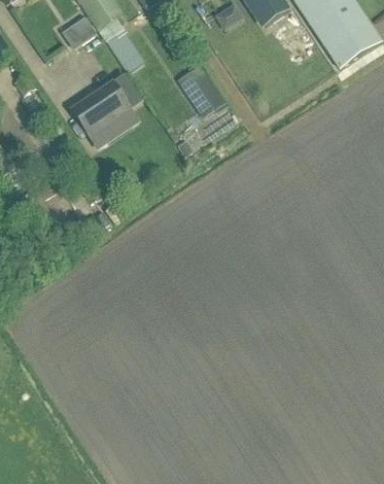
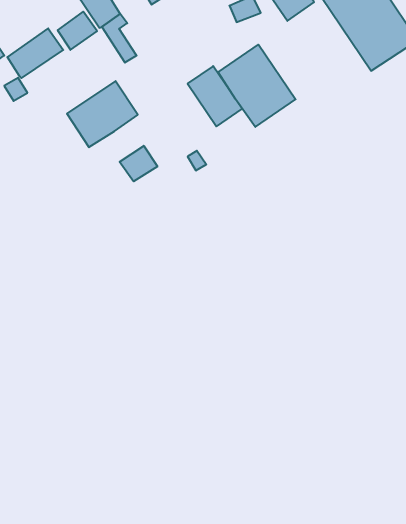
building: none -> [7,28,63,78]
building: none -> [218,45,296,127]
building: none -> [120,146,157,181]

